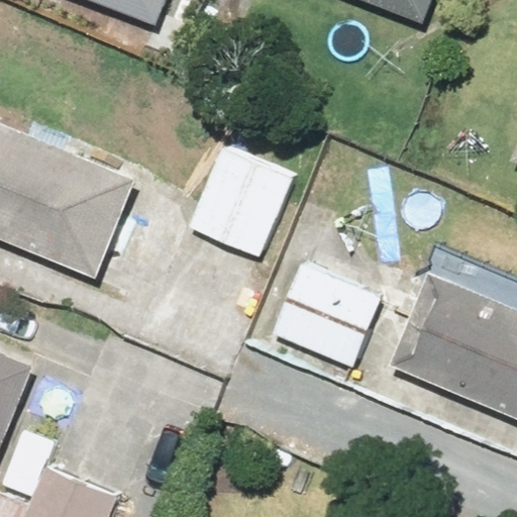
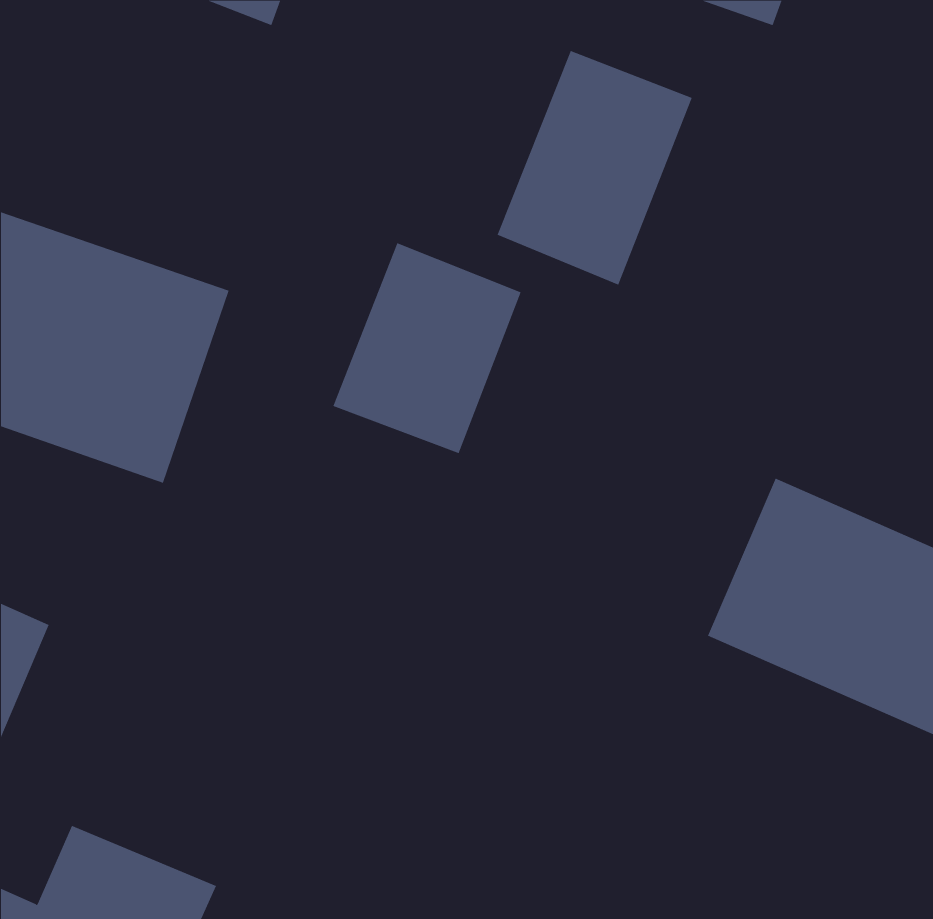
building: none -> [497,50,692,285]
building: [269,258,395,373] -> none

